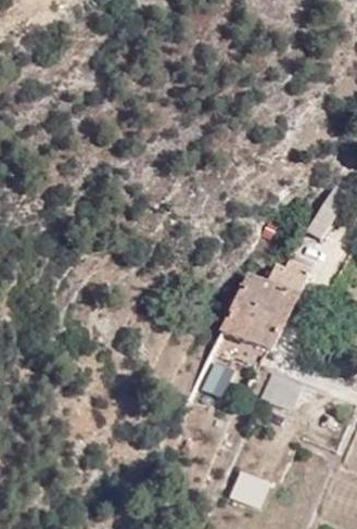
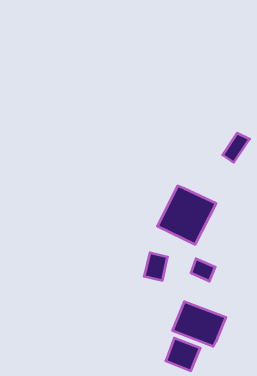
building: [255,259,308,298] -> none
building: none -> [173,302,226,346]

